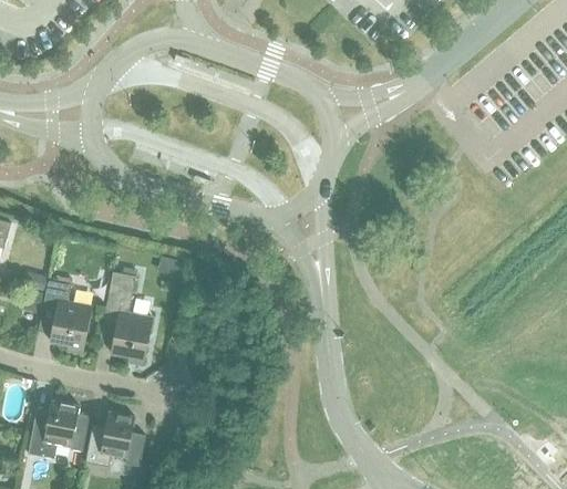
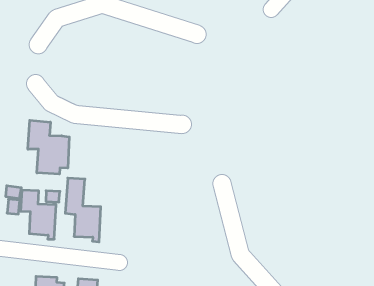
building: none -> [28,120,69,174]

